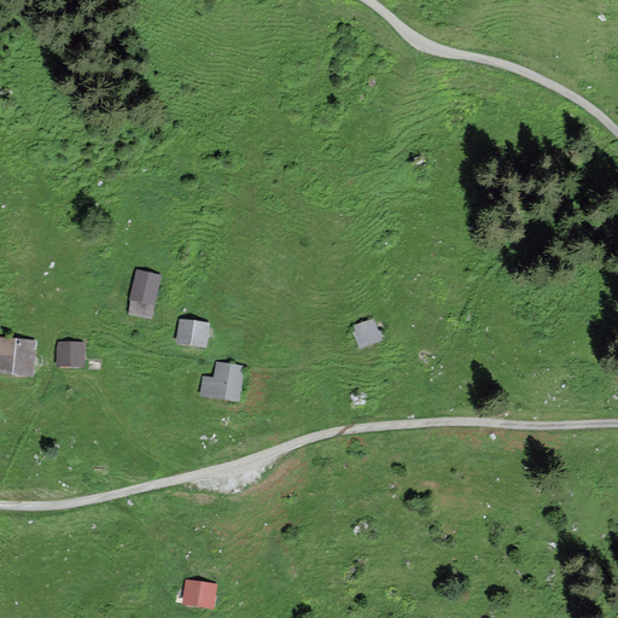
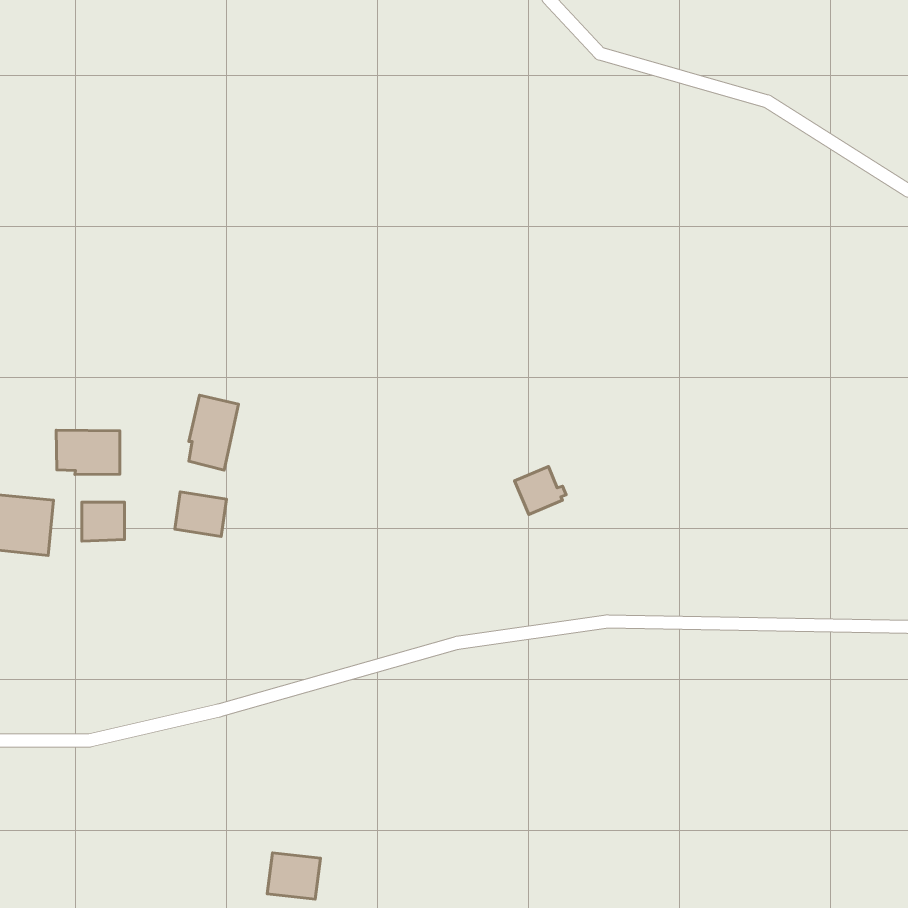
building: none -> [56,430,120,474]
building: [175,317,210,348] -> [175,492,227,536]
building: [199,361,244,402] -> none

